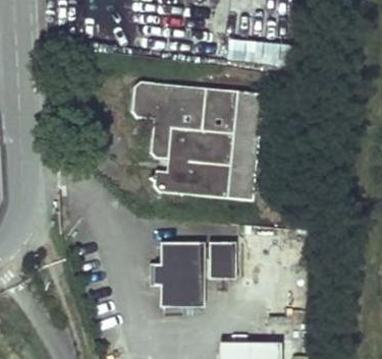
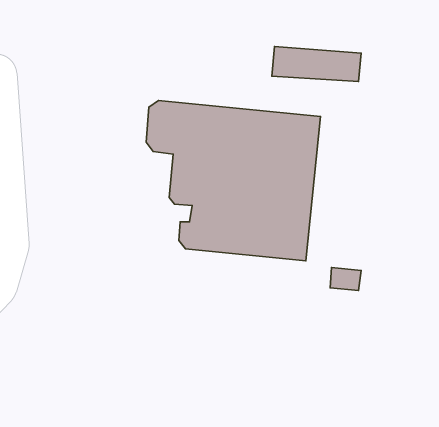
building: [152,239,238,301] -> none

